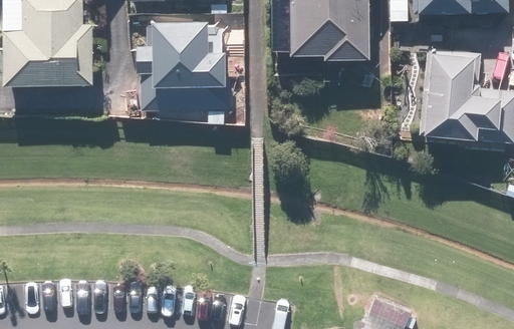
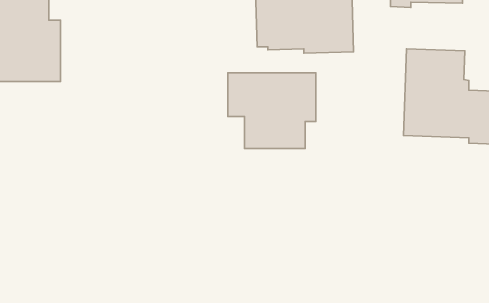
building: [142,23,232,114] -> none
building: none -> [228,73,316,149]

